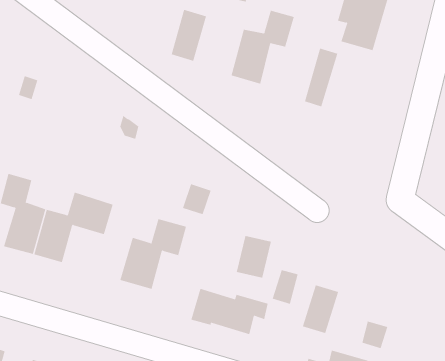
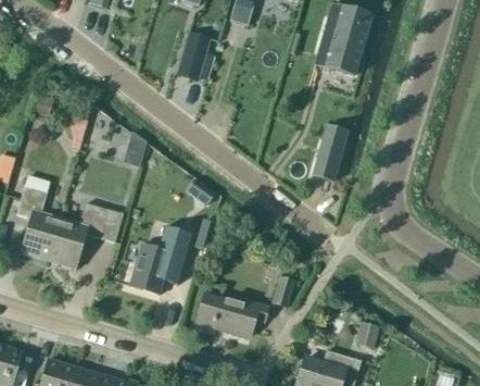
building: [231,10,294,84] -> none
building: [304,48,338,107] -> [315,130,346,186]
building: [236,235,271,278] -> none
building: [302,285,339,334] -> none

